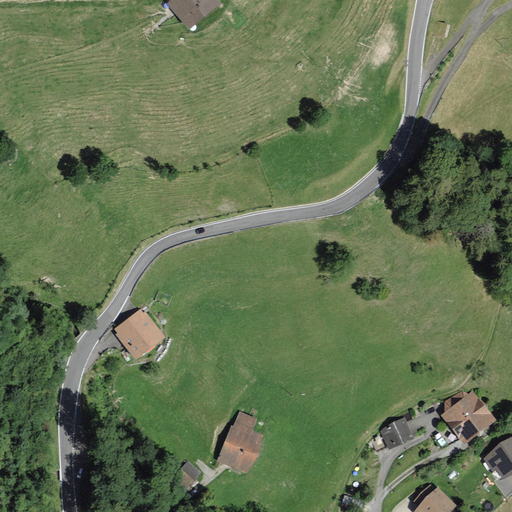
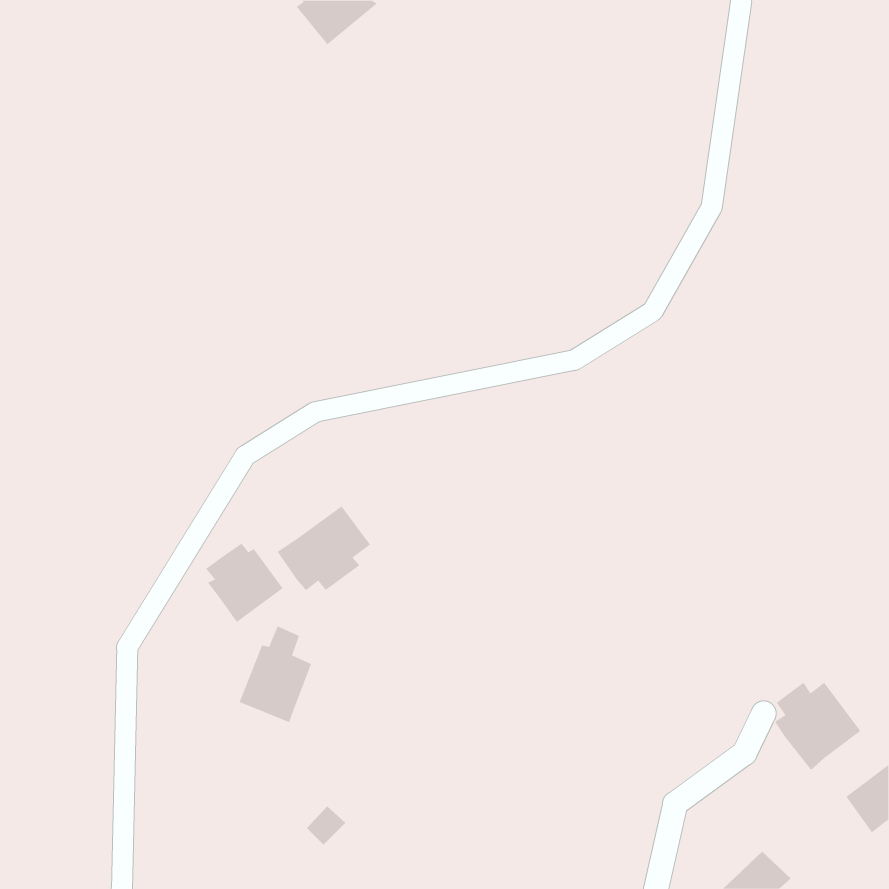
building: none -> [277,505,371,591]
building: [219,415,261,471] -> [239,626,312,723]
building: [382,420,411,446] -> none

